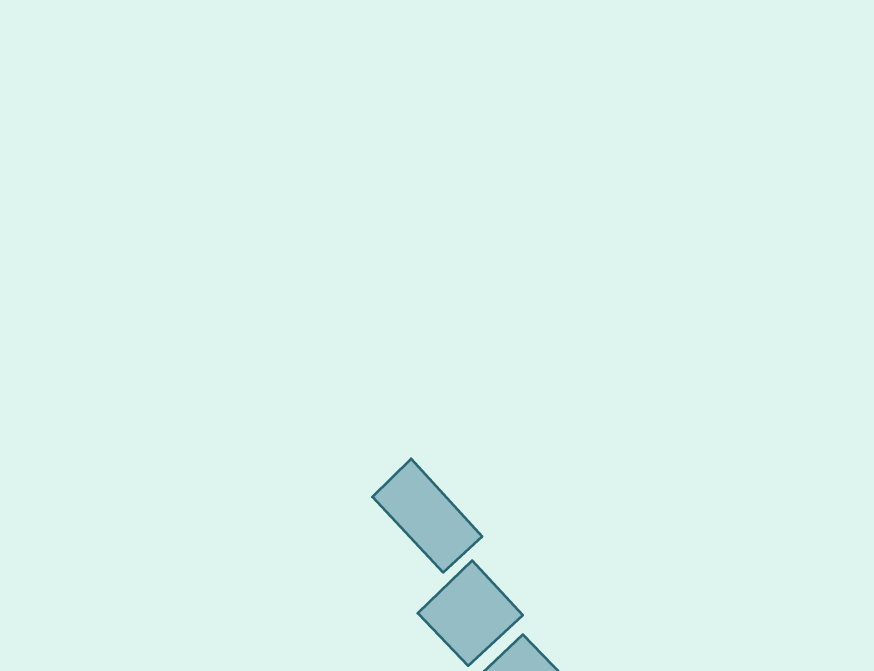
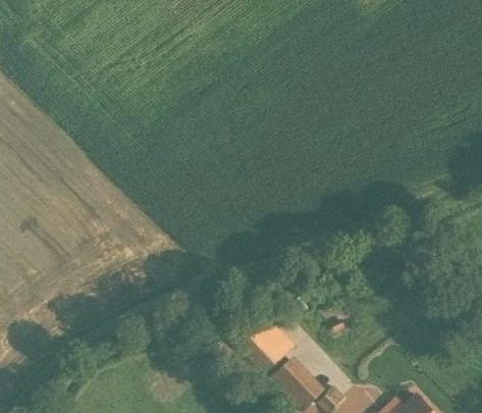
building: [372,459,482,572] -> none

